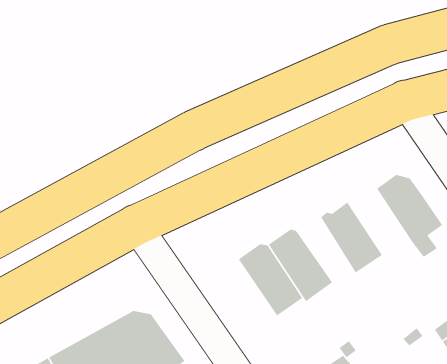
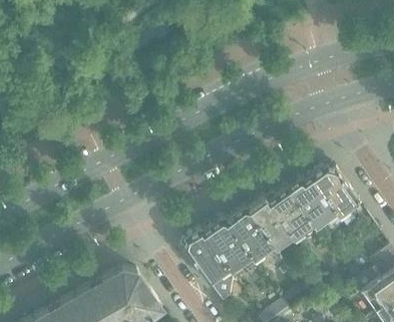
building: none -> [289,179,338,234]
building: none -> [250,199,293,251]
building: none -> [184,231,236,306]

